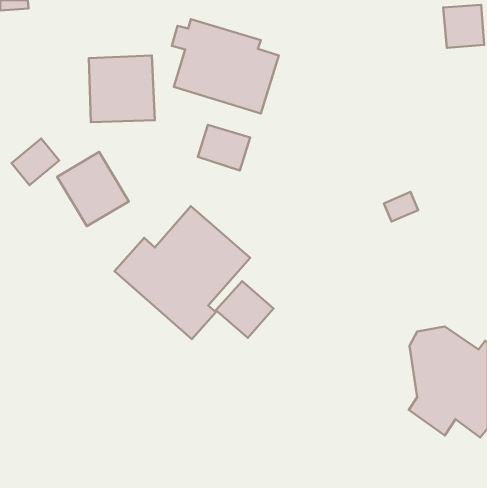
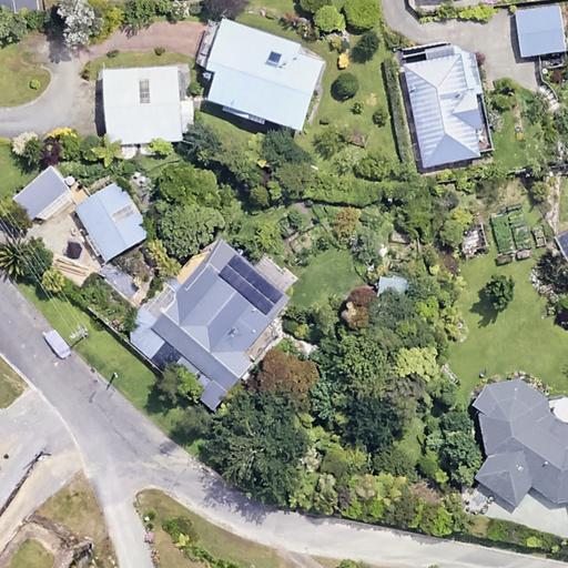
building: none -> [403,51,483,166]
building: [198,125,250,170] -> none
building: [216,281,273,338] -> none

